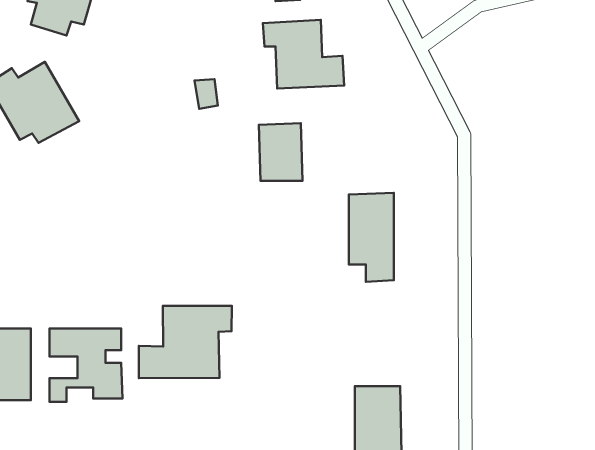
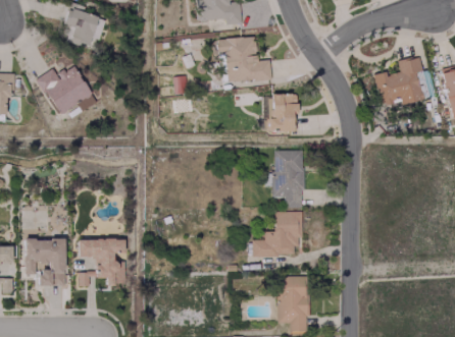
building: none -> [373,56,429,107]
building: [259,123,303,181] -> [268,94,297,131]
building: none -> [252,211,301,257]
building: [139,306,232,378] -> none

